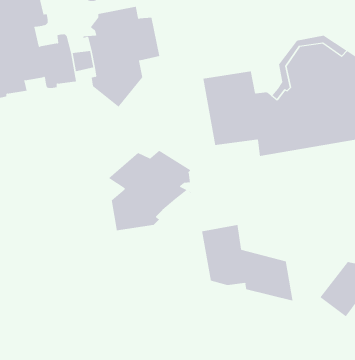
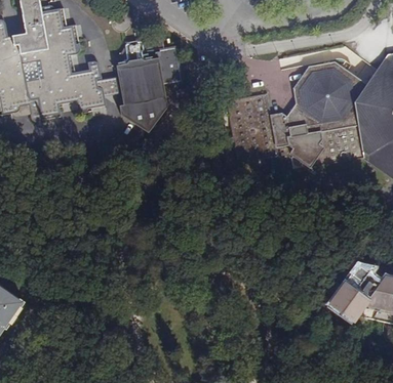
building: [108,150,192,231] -> none
building: [202,224,293,302] -> none

